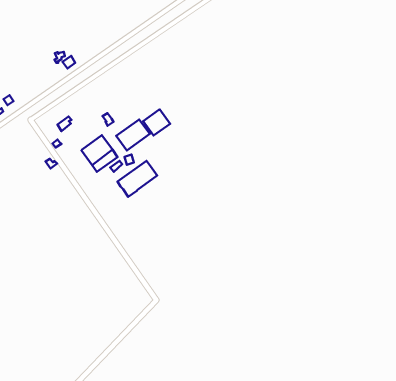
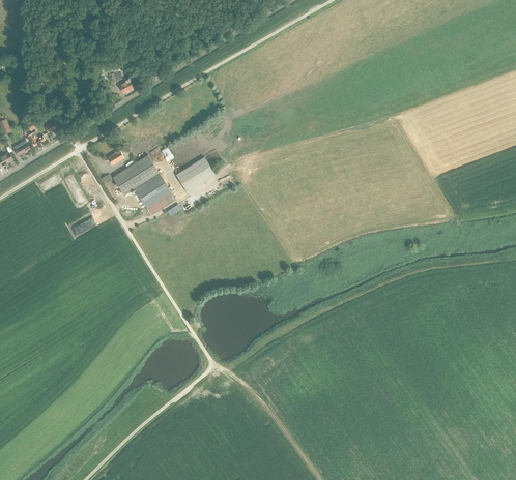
building: [143,110,170,136] -> none
building: [117,161,157,197] -> [112,155,159,196]

